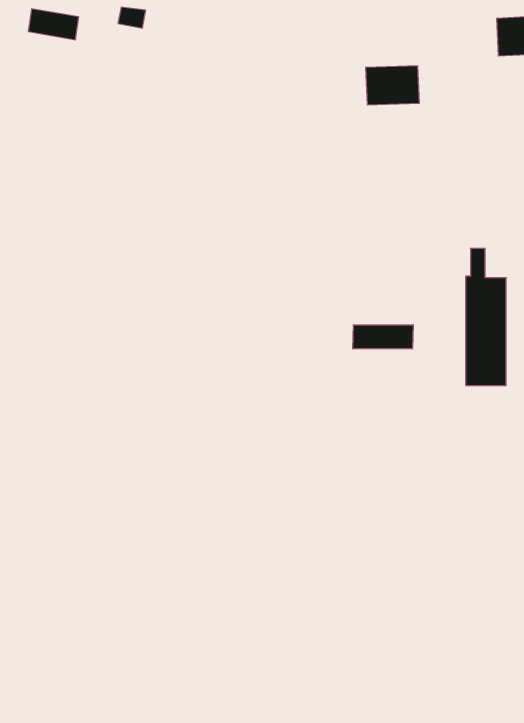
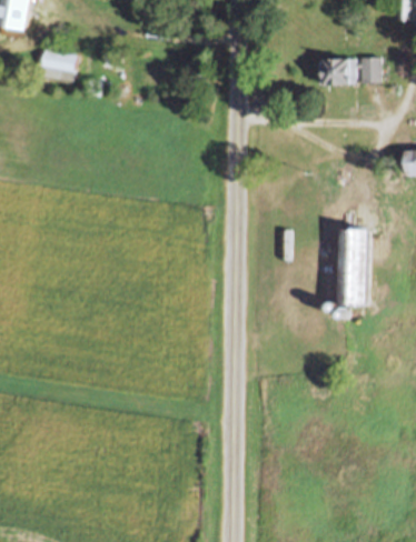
building: [366,66,419,105] -> [319,59,356,86]
building: [353,325,413,349] -> none

